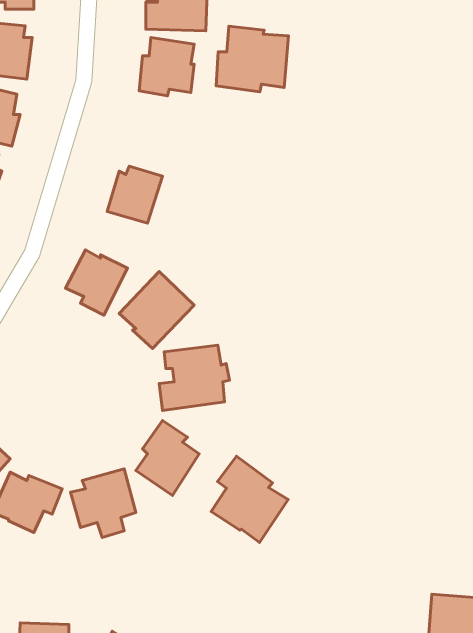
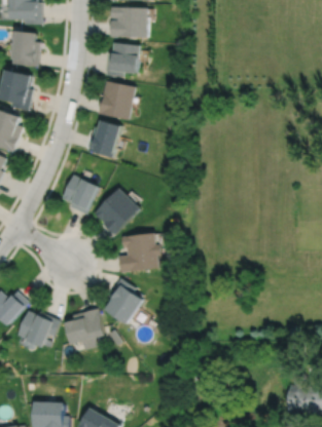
building: [216,26,288,92] -> none
building: none -> [99,82,137,122]
building: [211,456,288,543] -> none

